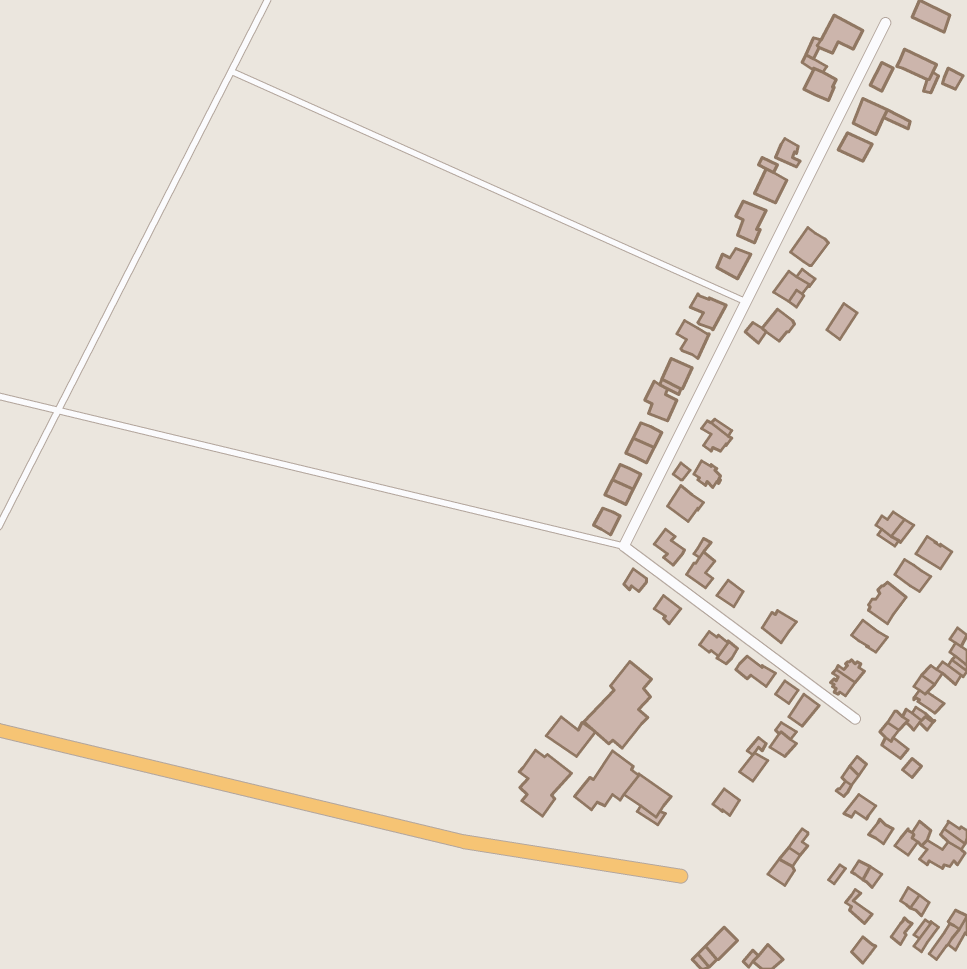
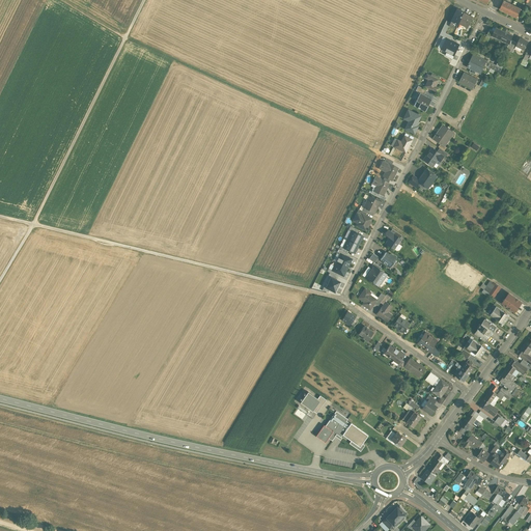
building: [584,662,651,748] -> none
building: [519,750,572,816] -> none

